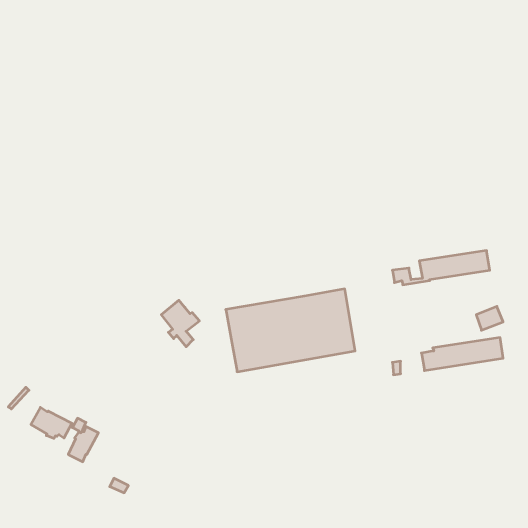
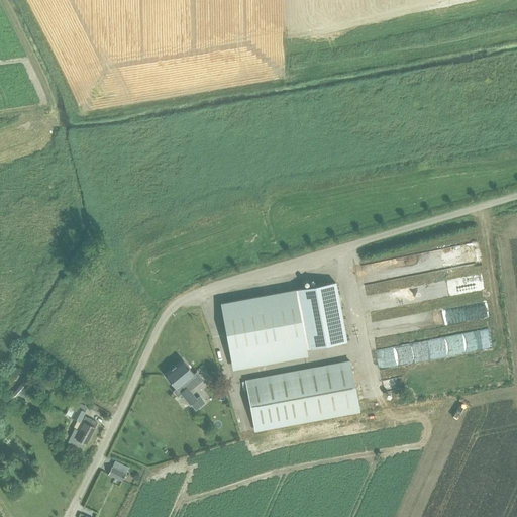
building: [161,300,199,347] -> [165,360,202,406]
building: none -> [246,363,359,430]
building: [31,407,72,438] -> none

